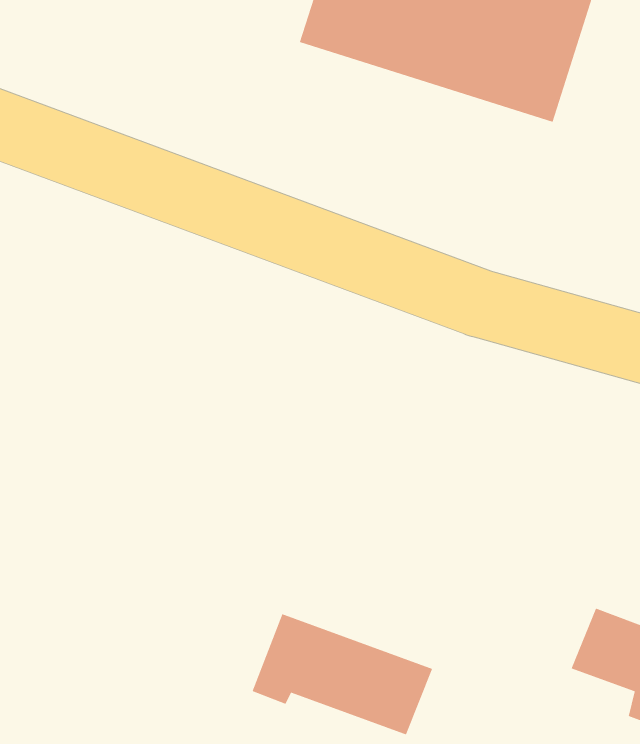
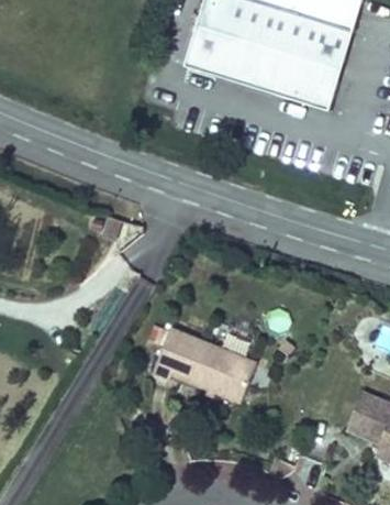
building: [251,613,433,736] -> [154,323,258,394]

